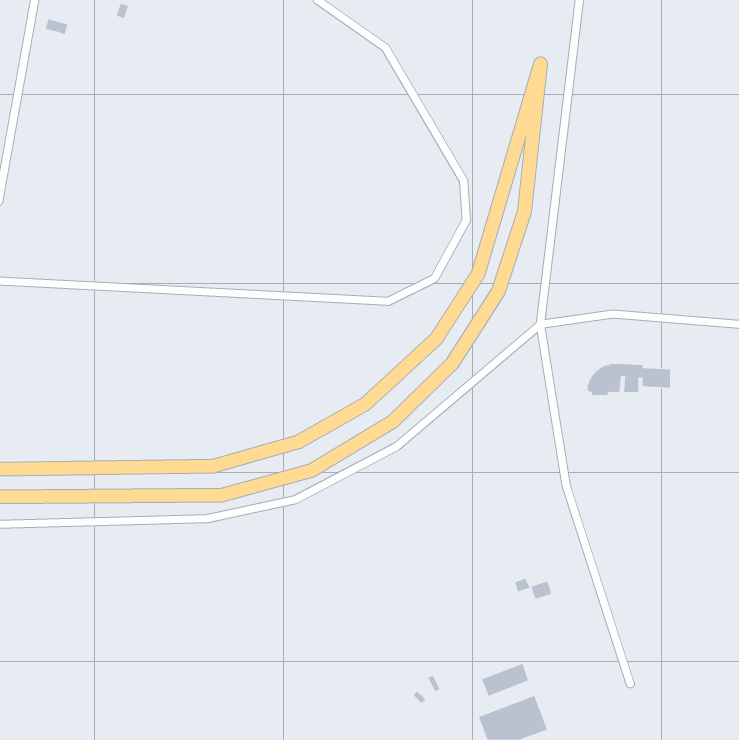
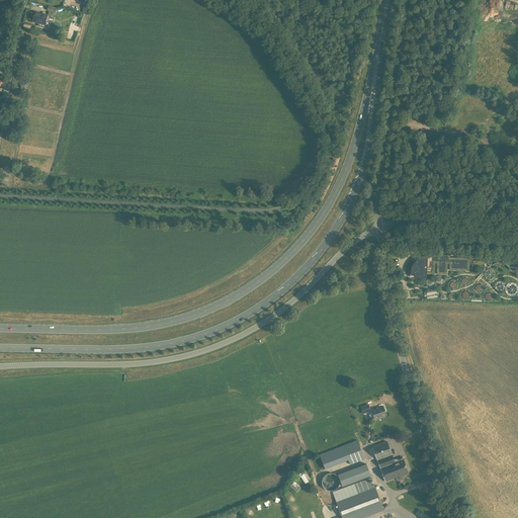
building: none -> [319,440,363,469]
building: none -> [371,441,407,482]

